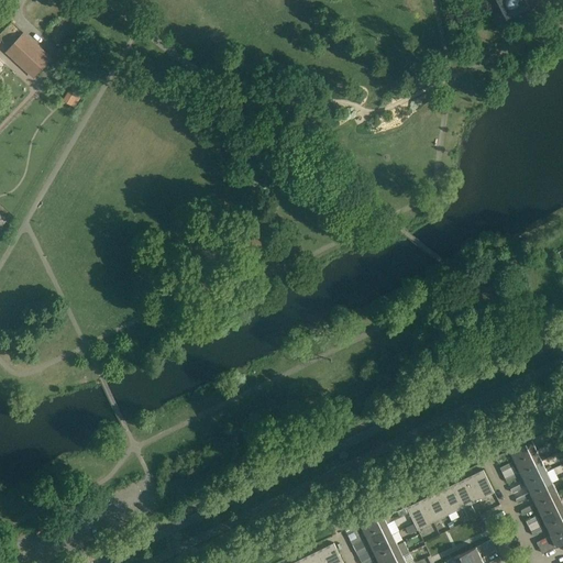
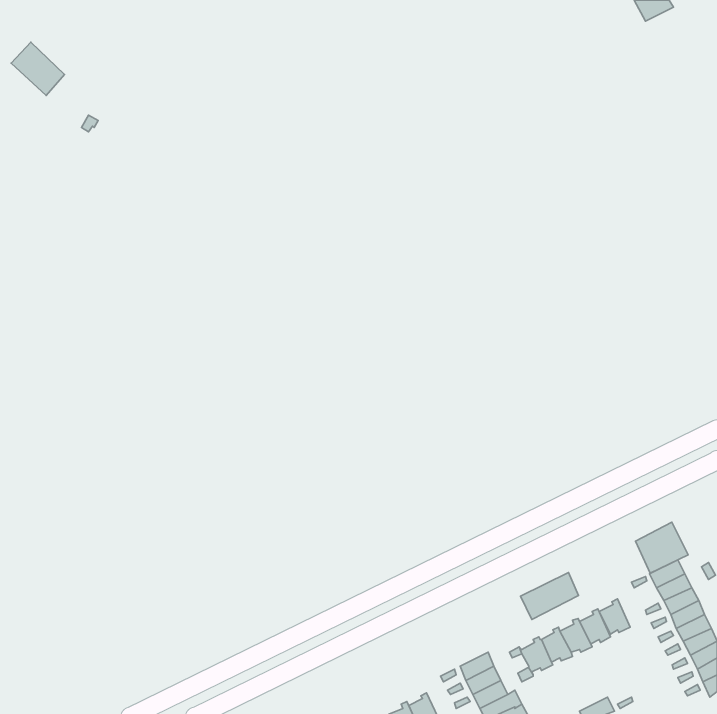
building: none -> [635,522,688,573]
building: none -> [520,573,579,619]

